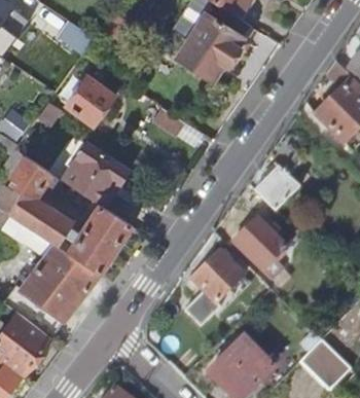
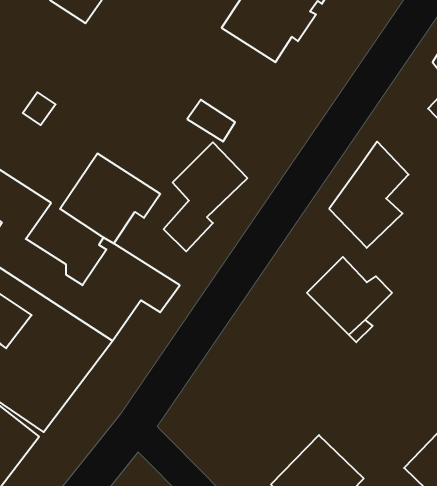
building: [66,76,116,126] -> none
building: [188,248,246,323] -> [164,142,247,251]

